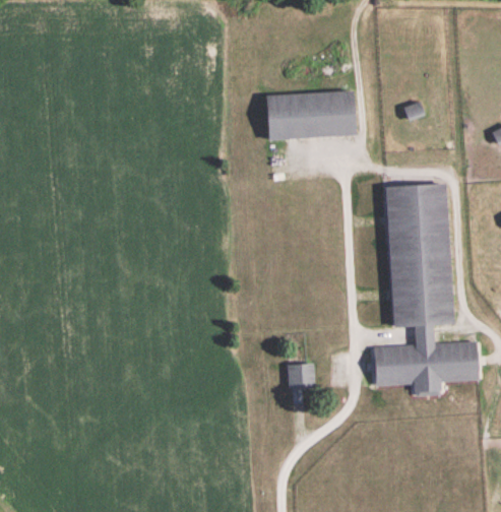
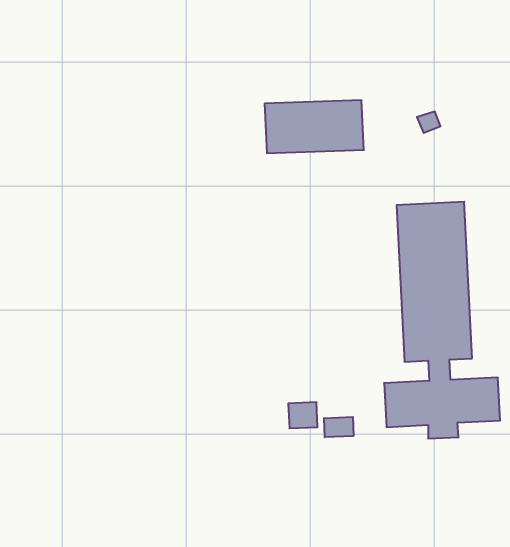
building: none -> [324,417,353,437]

